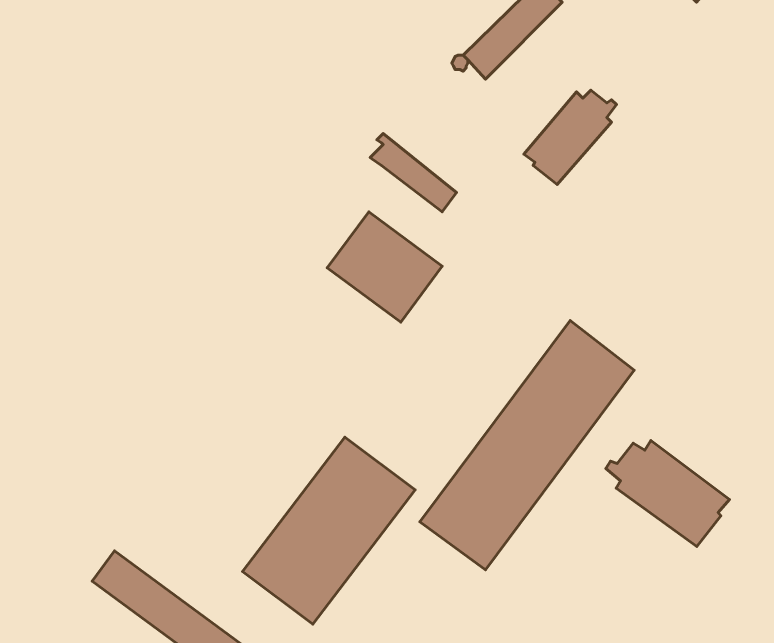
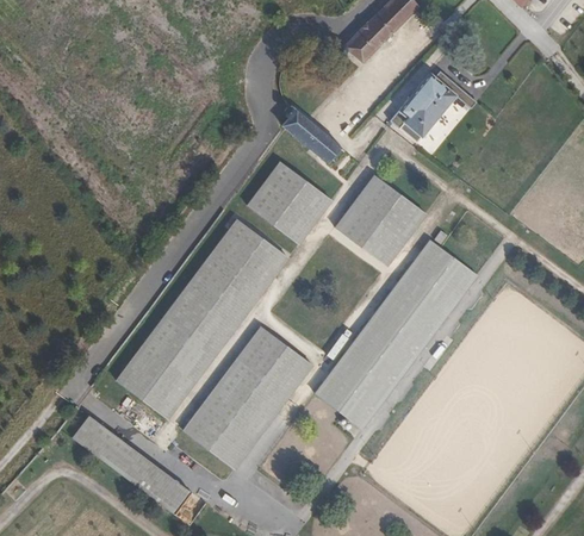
building: none -> [334,174,425,267]
building: none -> [114,217,290,419]
building: [606,441,730,546] -> none

